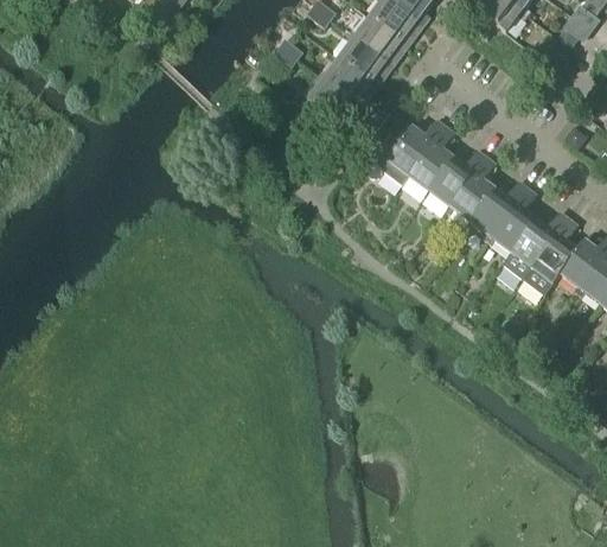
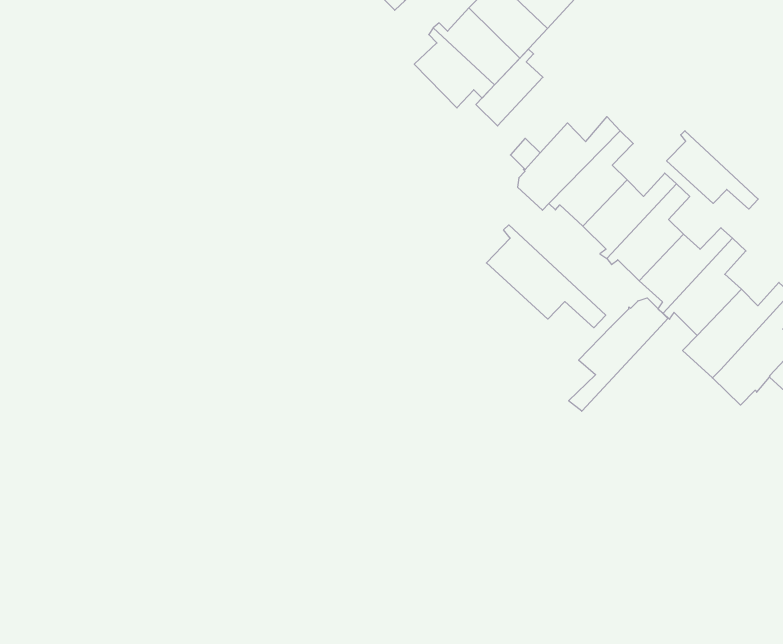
building: none -> [476,49,543,126]
building: none -> [667,131,758,209]
building: none -> [486,225,606,328]
building: none -> [569,298,668,411]

